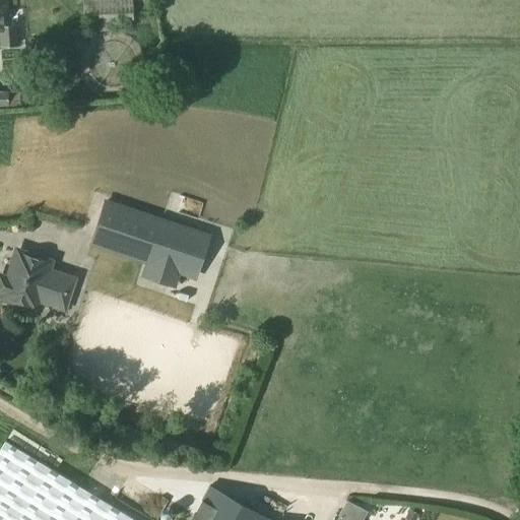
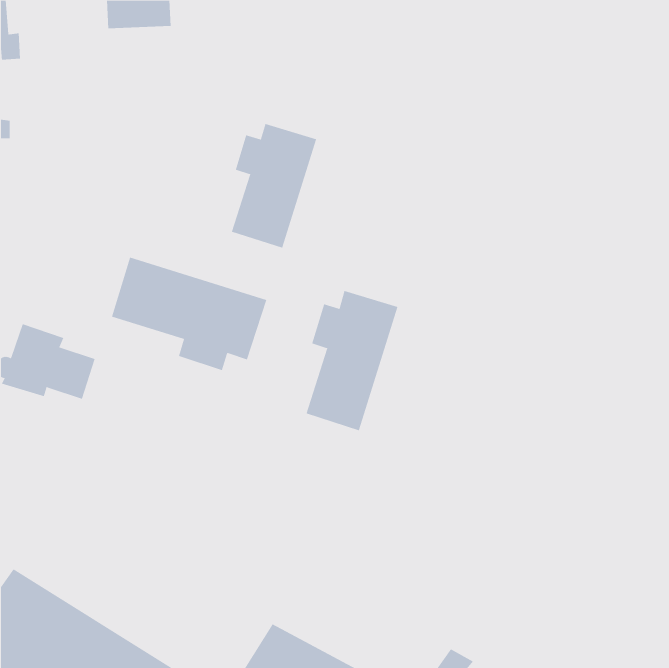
building: none -> [231,123,317,249]
building: none -> [306,290,398,431]

